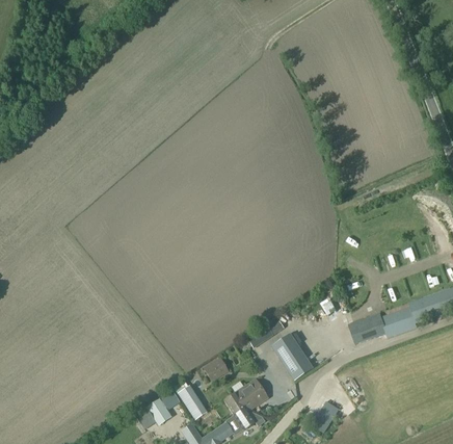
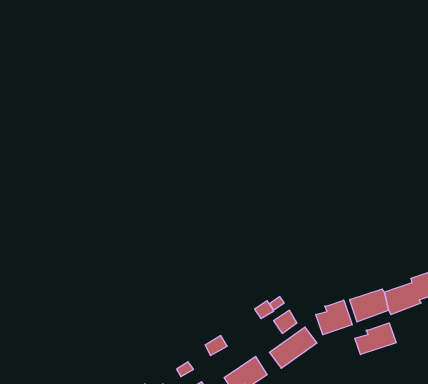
building: none -> [316,300,352,335]
building: none -> [355,323,396,355]

